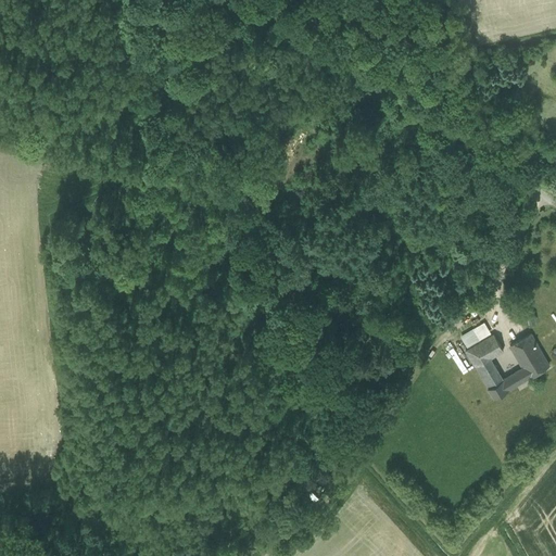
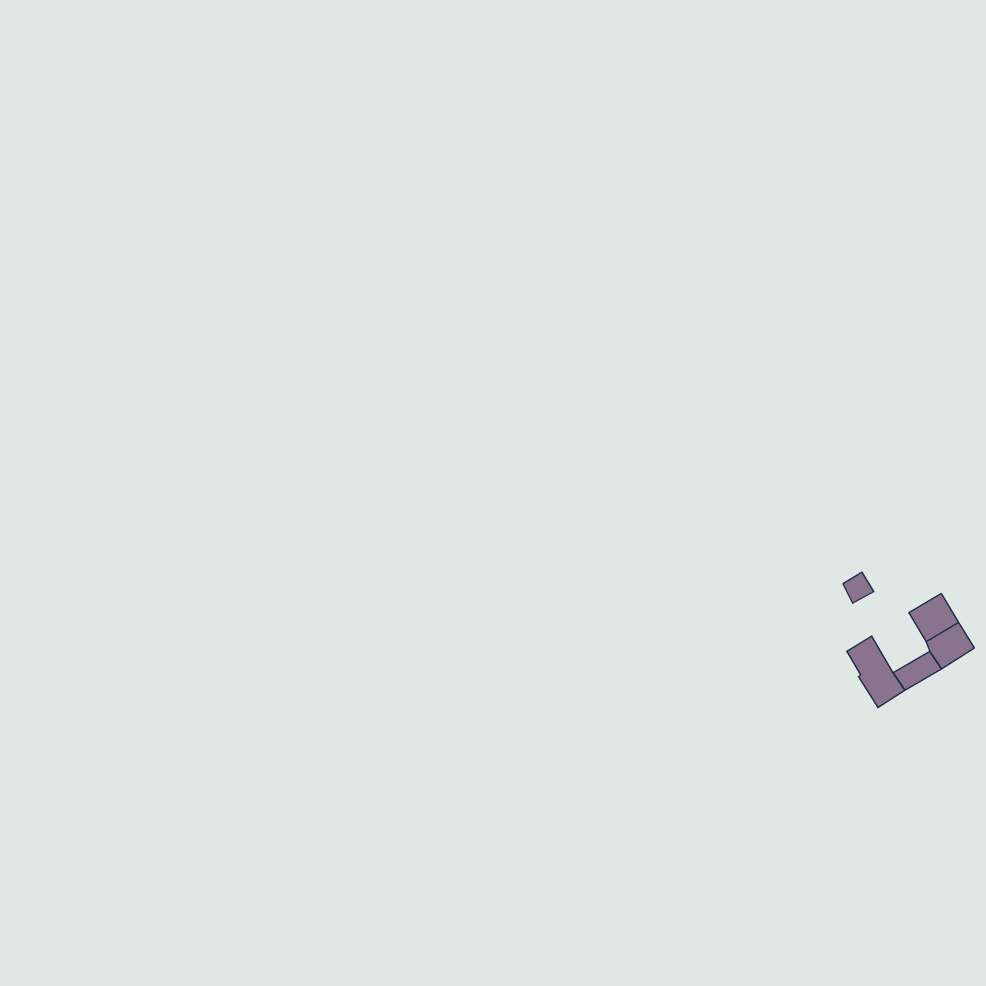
building: [466,333,503,366] -> none

